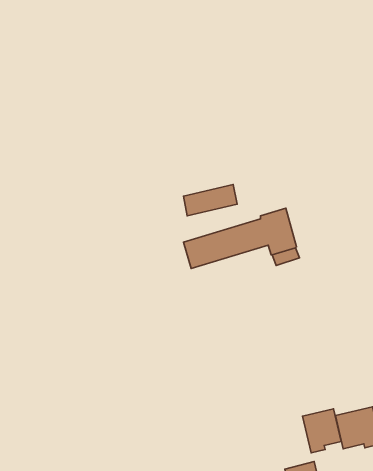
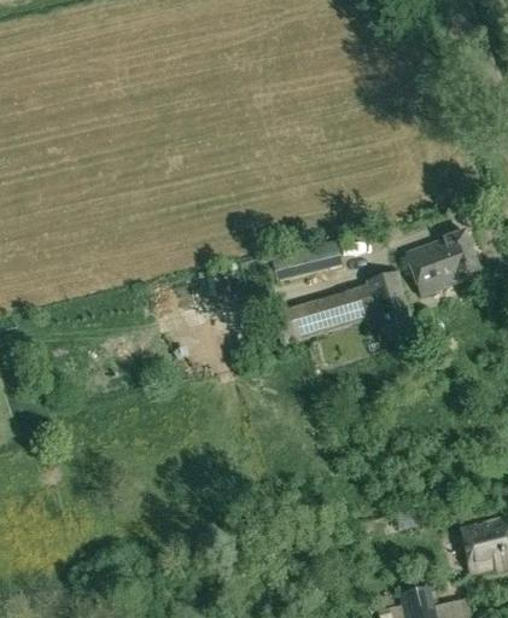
building: none -> [405,229,481,295]
building: [302,409,341,453] -> none

